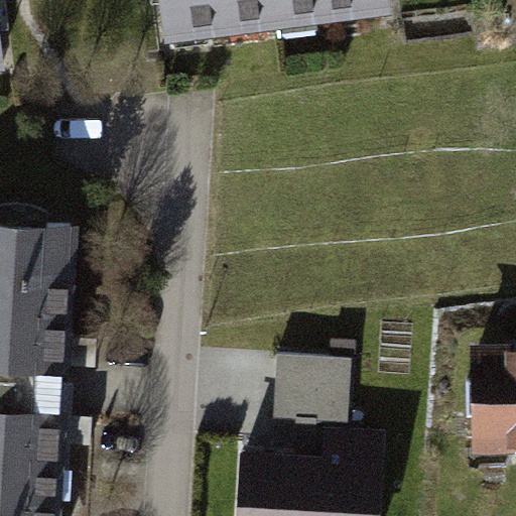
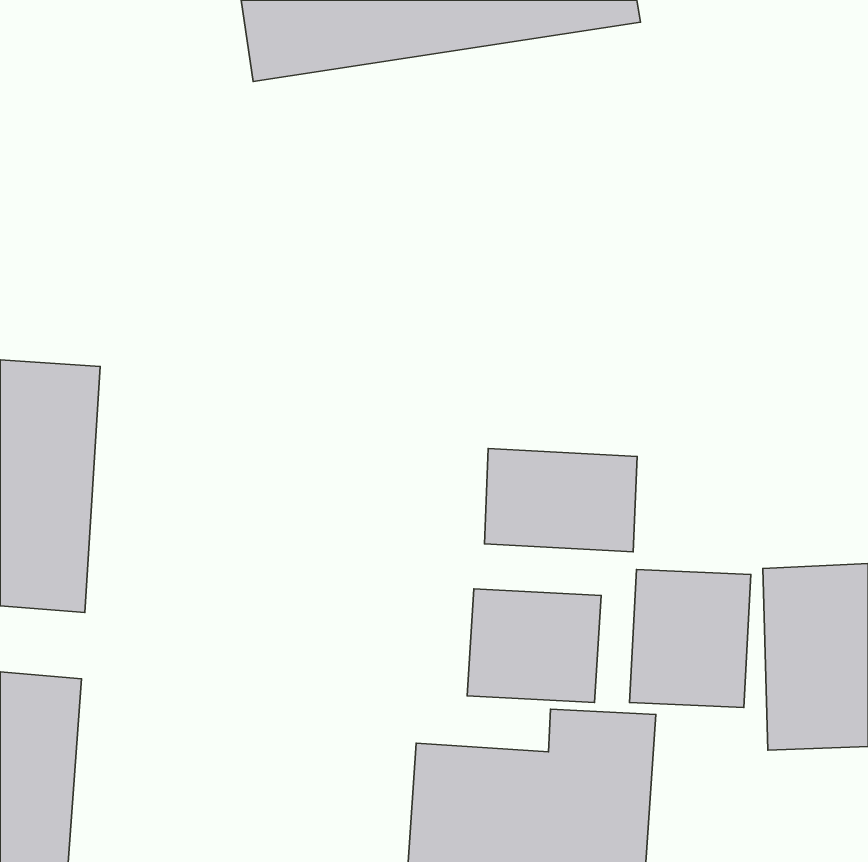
building: none -> [484,449,637,552]
building: none -> [629,570,751,707]

